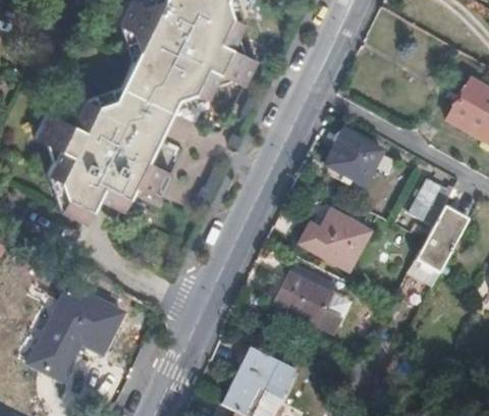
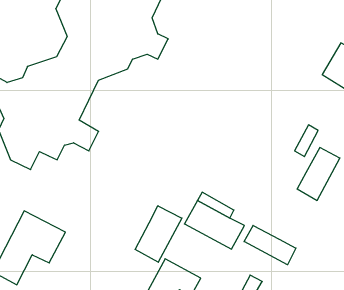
building: [328,129,385,186] -> none
building: [313,211,372,268] -> none
building: none -> [135,206,182,262]
building: none -> [244,225,296,265]

